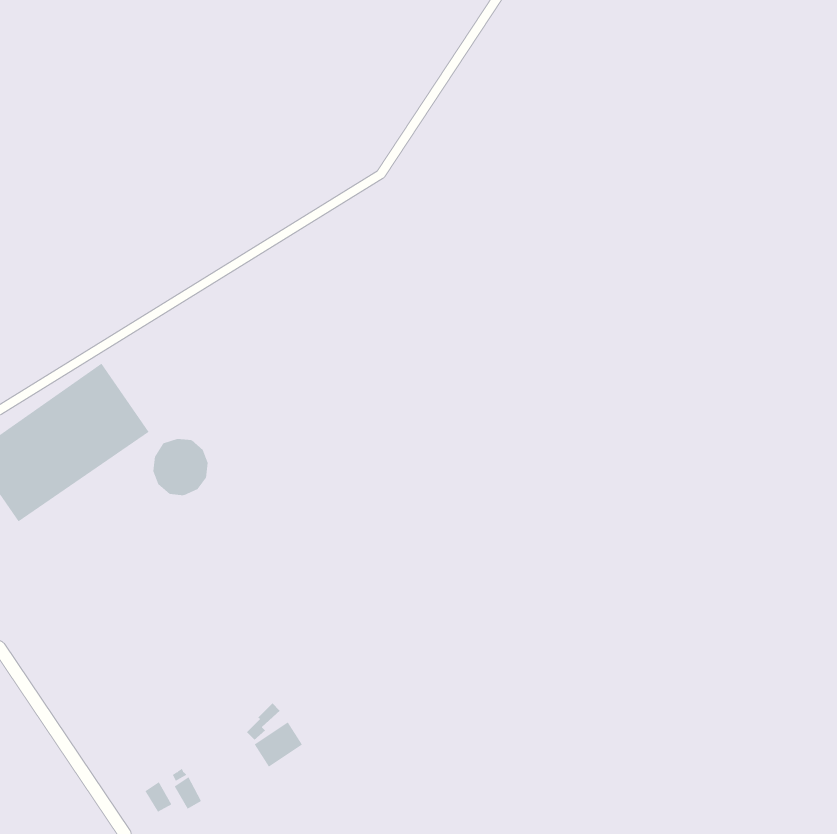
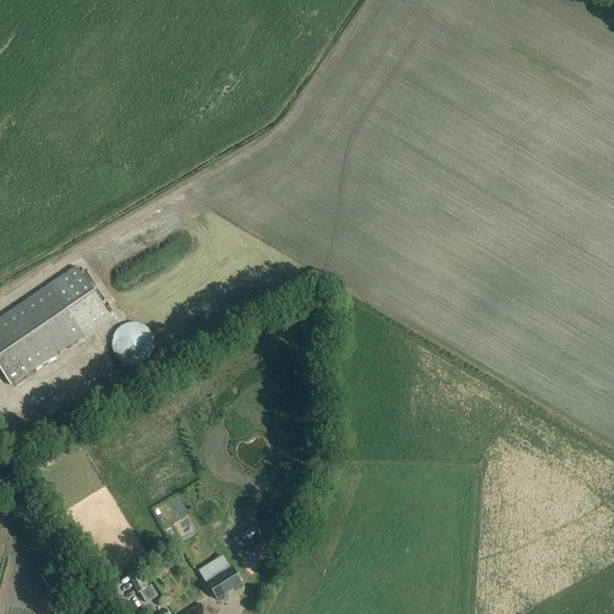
building: [254,722,303,768] -> [205,564,241,597]

